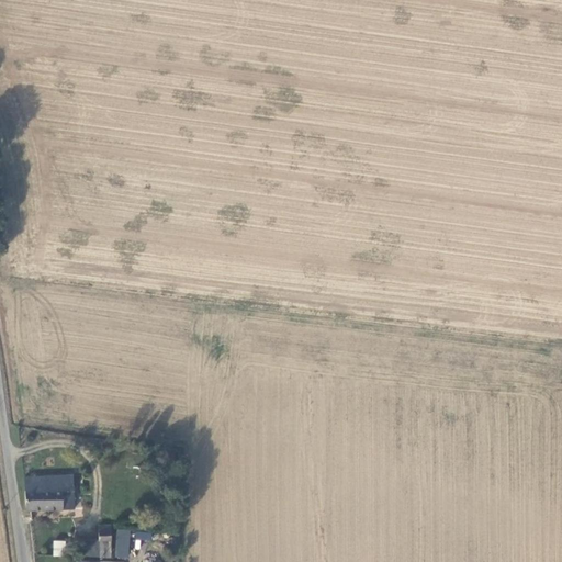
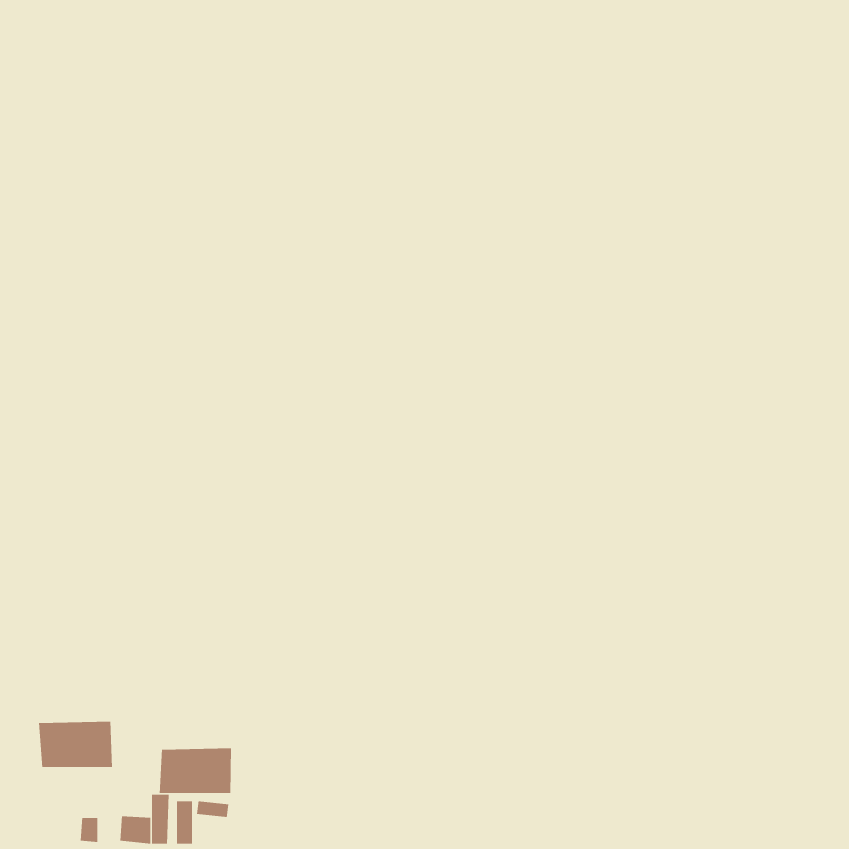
building: none -> [159,747,231,794]

